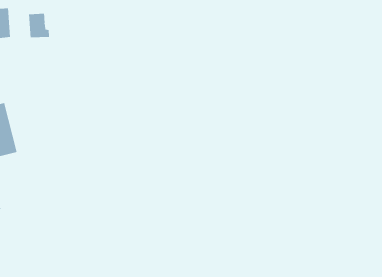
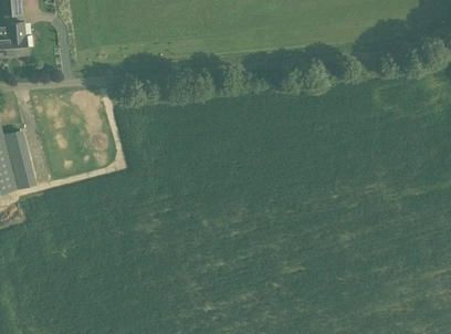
building: [28,13,49,38] -> none

